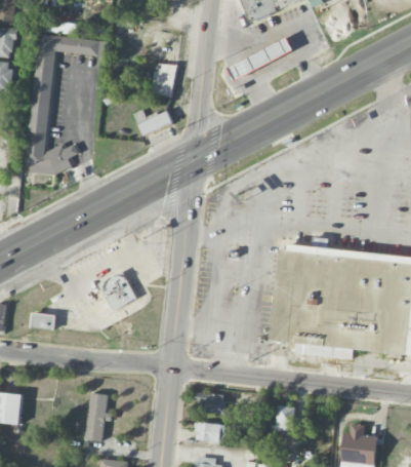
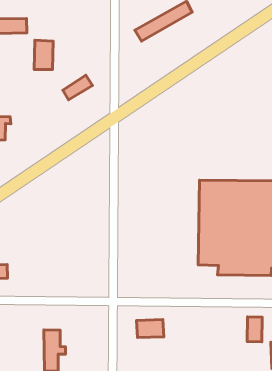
building: [151,63,175,98] -> [34,40,53,70]
building: [100,273,135,310] -> none
building: [275,405,294,435] -> [247,317,262,342]
building: [194,422,223,443] -> none

